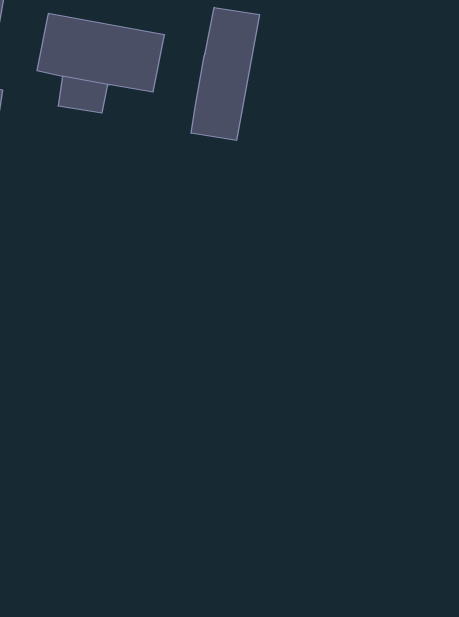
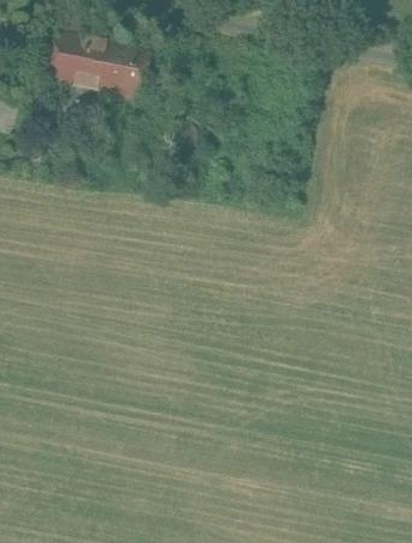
building: [191,7,259,140] -> none

